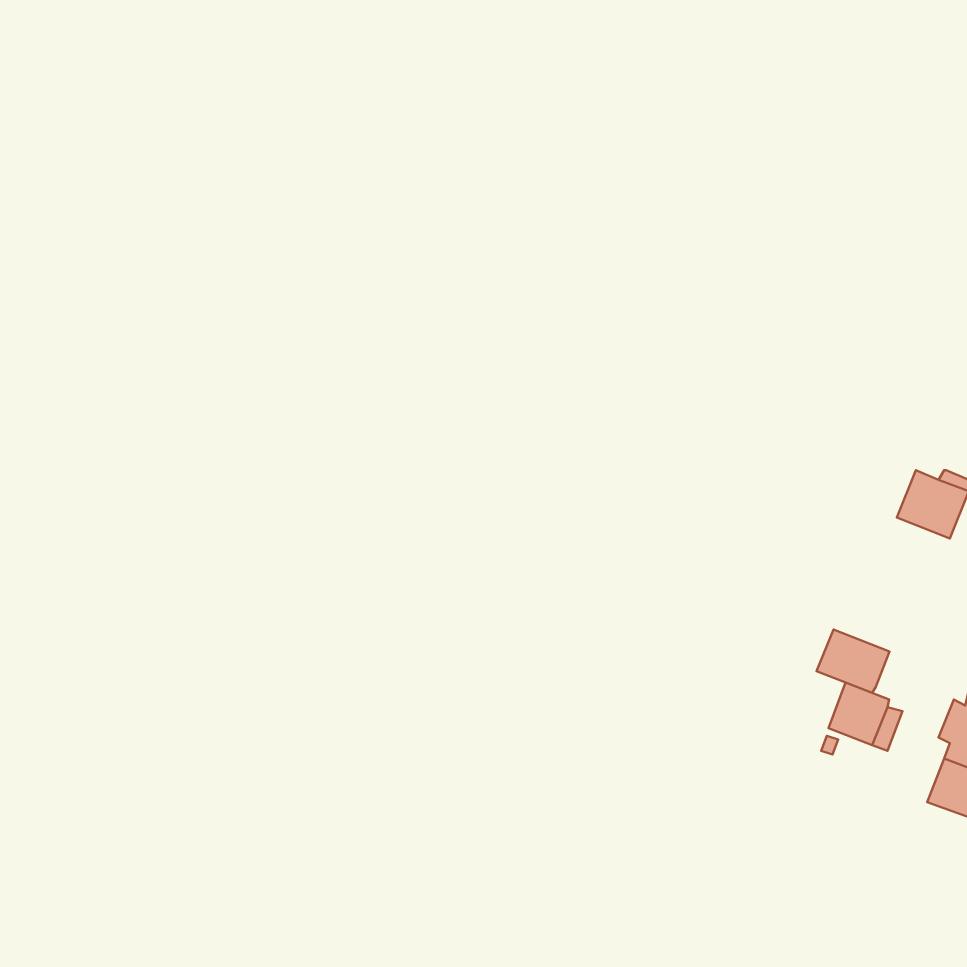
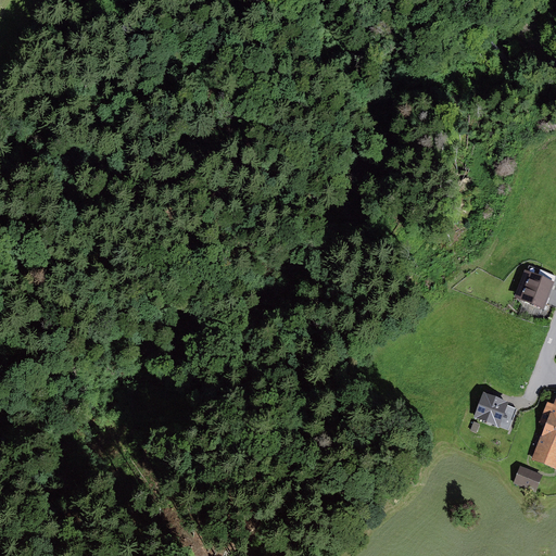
building: [816,630,889,693] -> none
building: none -> [515,466,543,491]

